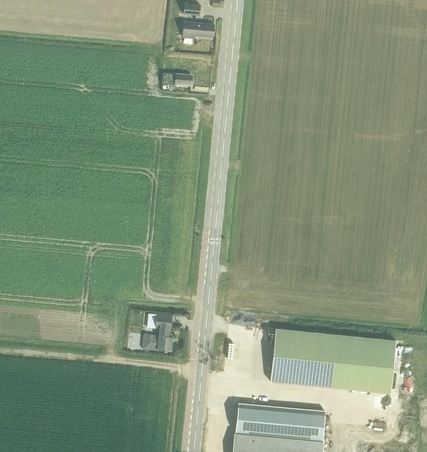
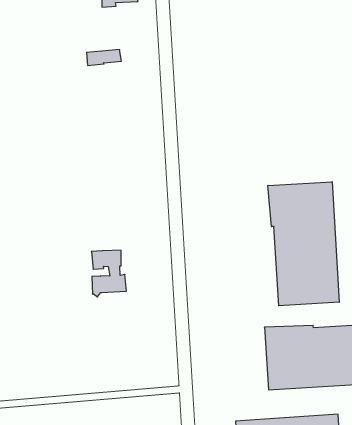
building: none -> [268,182,339,306]
building: [142,313,172,352] -> [91,250,126,297]

